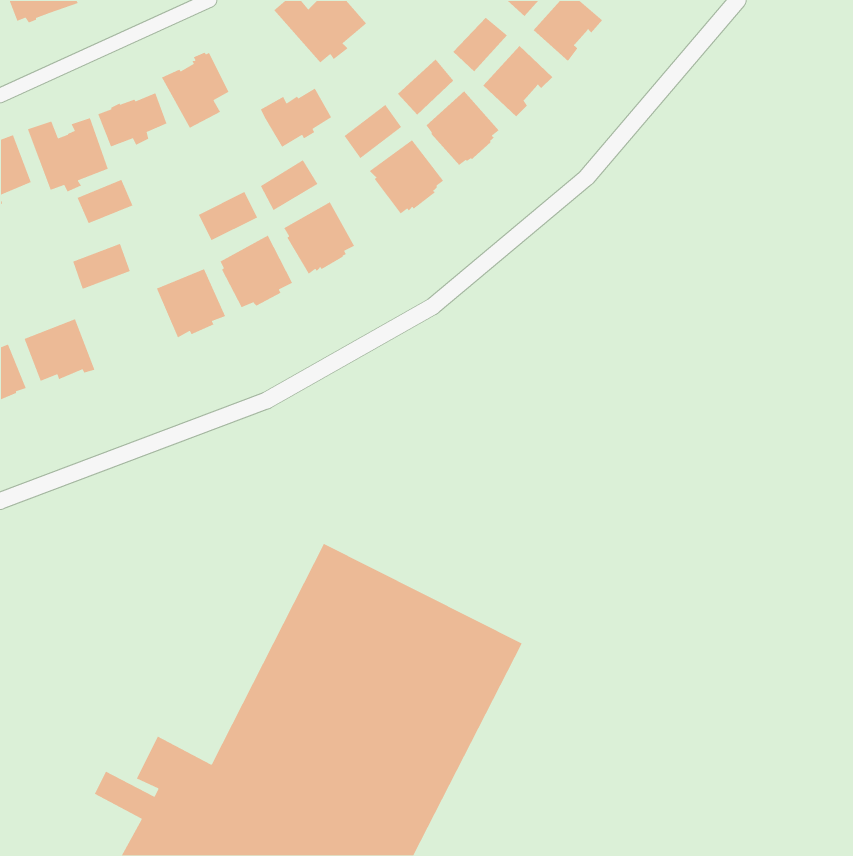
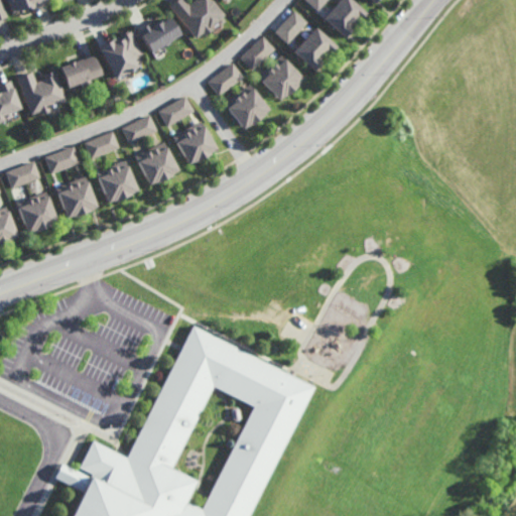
building: [260,87,332,148] -> [134,17,177,53]
building: [76,179,133,224] -> [85,132,119,159]
building: none -> [6,162,41,189]
building: none -> [56,176,99,220]

